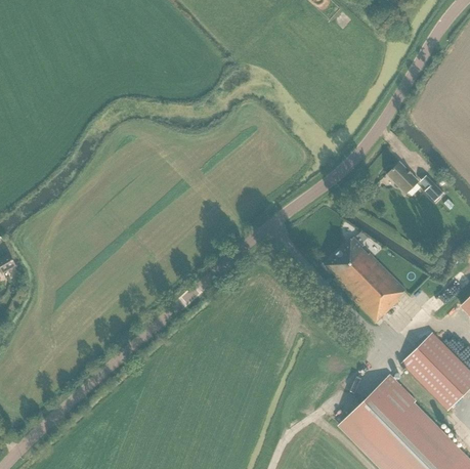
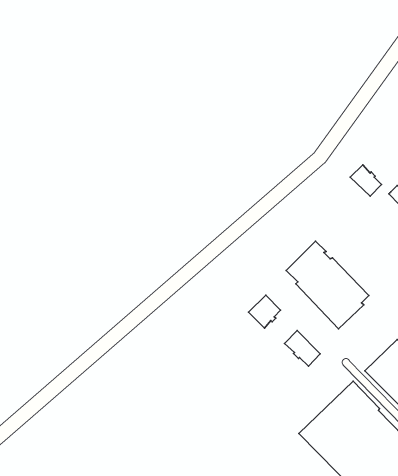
building: none -> [248,295,281,328]
building: none -> [285,330,320,366]

